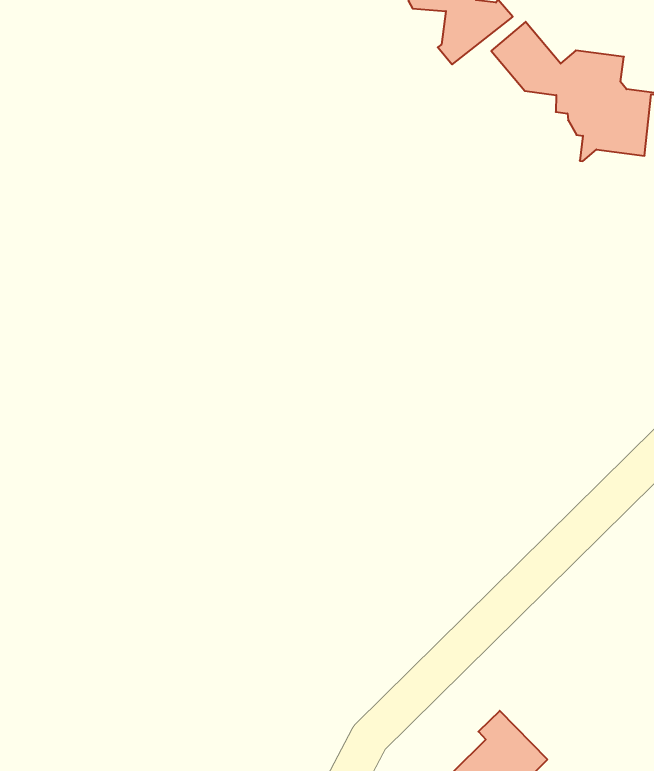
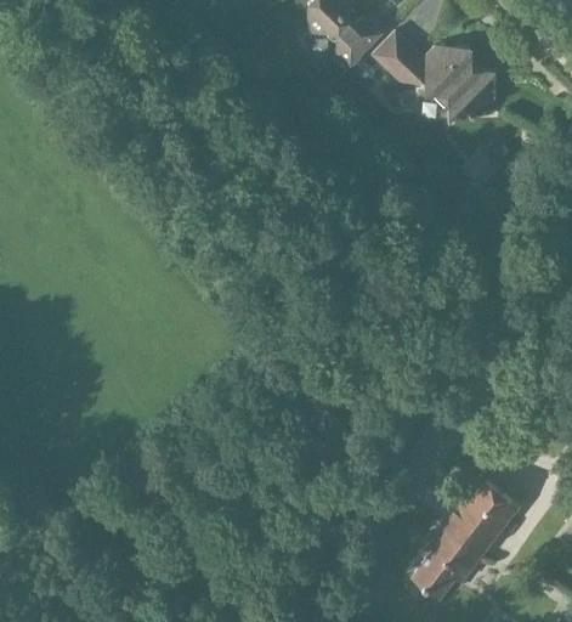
building: none -> [442,477,521,560]

